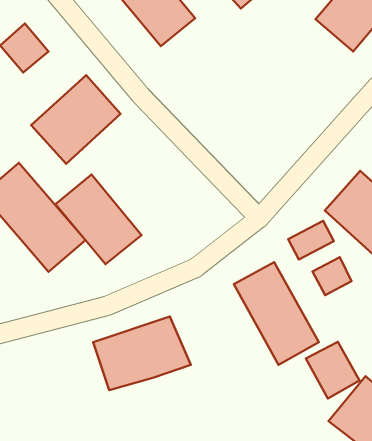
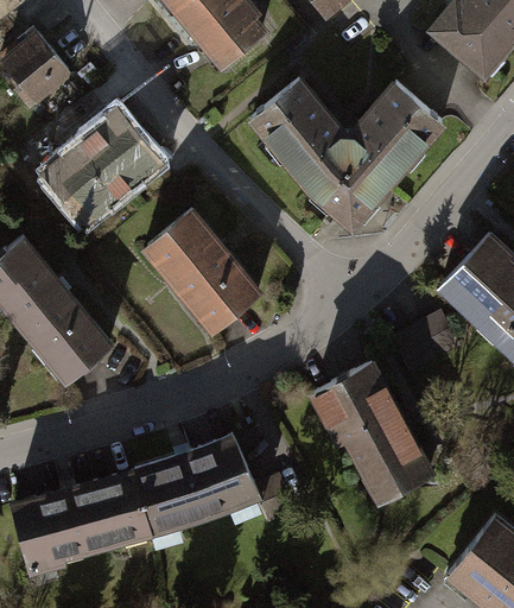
building: none -> [243,74,450,235]
building: [55,174,141,264] -> [142,214,259,335]
building: [312,257,351,295] -> none
building: [306,342,359,398] -> none
building: none -> [7,471,148,576]

